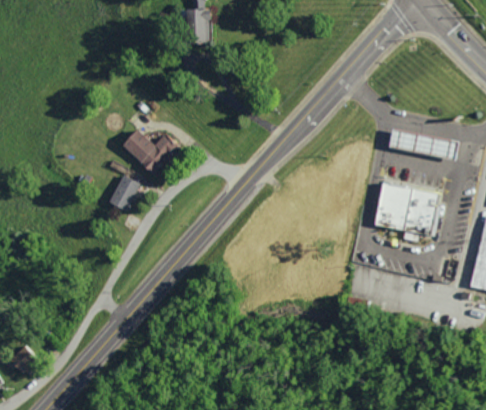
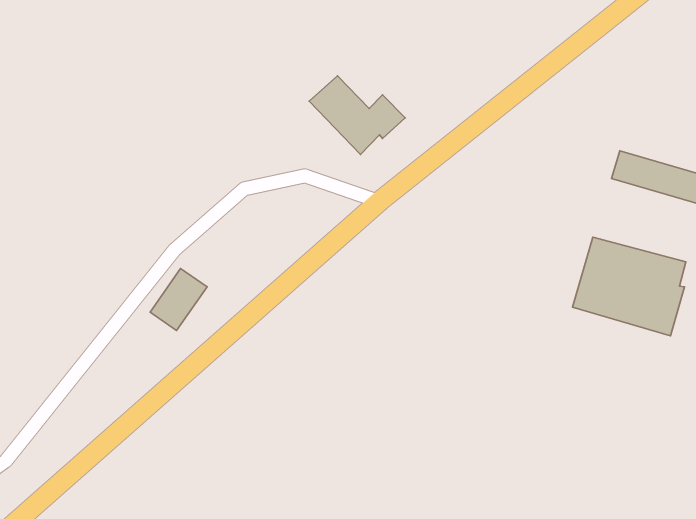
building: [119,128,177,173] -> [309,76,405,155]
building: [109,175,141,212] -> [150,268,207,330]

